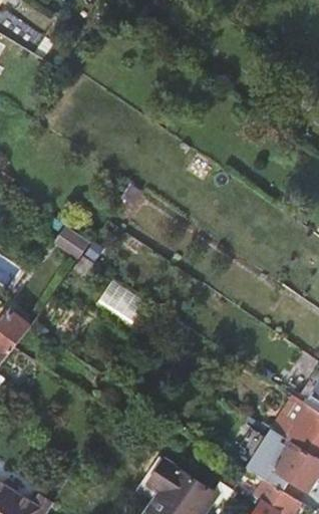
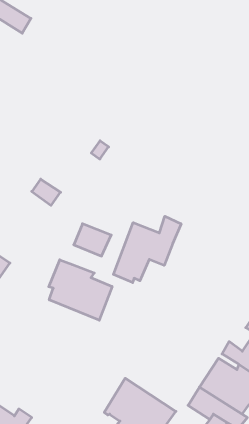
building: none -> [113,216,181,283]
building: none -> [49,260,112,320]

